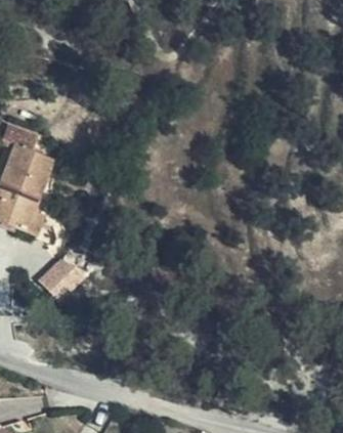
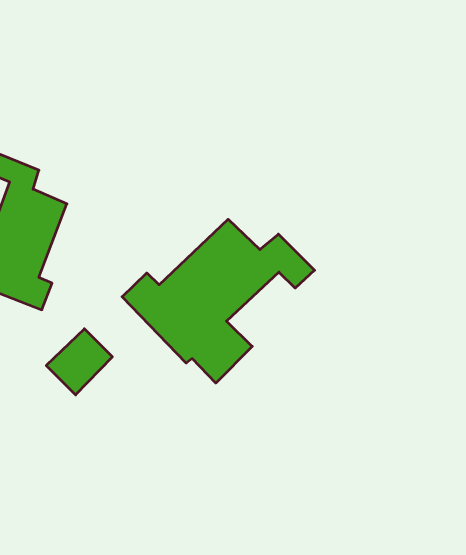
building: none -> [122,219,315,383]

